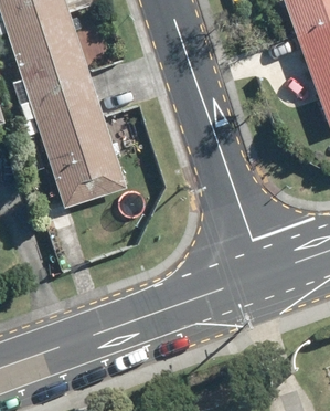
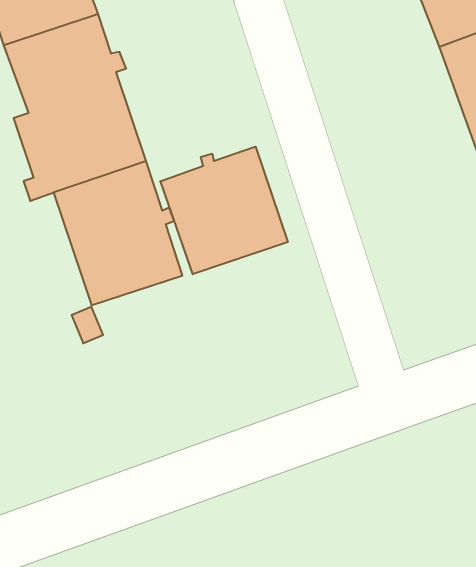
building: none -> [160,147,288,274]

